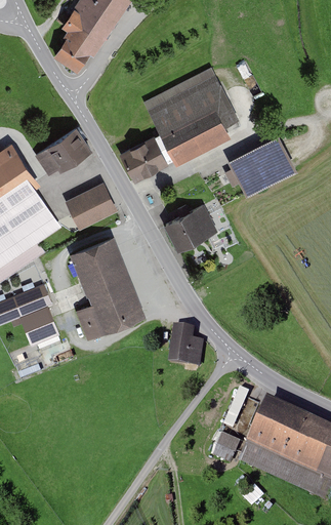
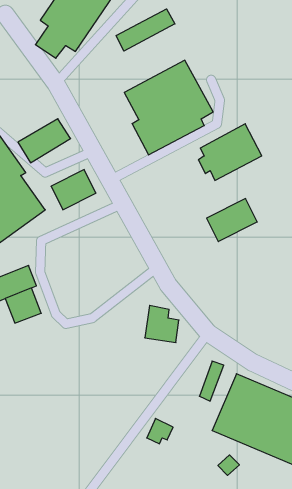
building: none -> [116,9,175,51]
building: [118,135,167,184] -> none
building: [162,205,215,250] -> [207,199,257,242]
building: [71,237,144,339] -> none
building: [211,434,239,460] -> [147,418,173,444]

